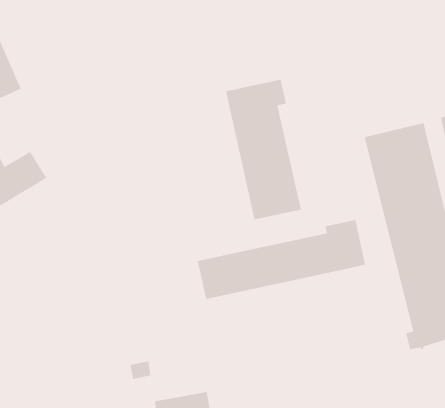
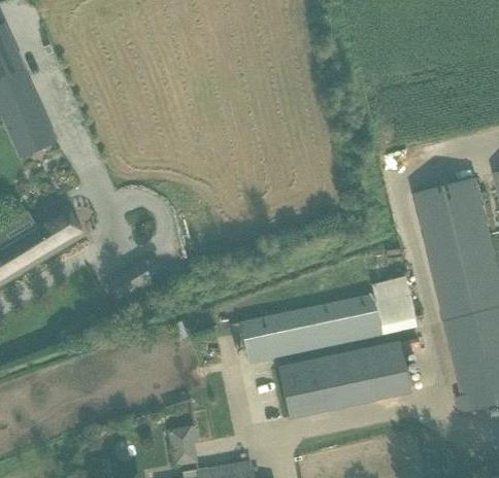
building: [225,79,301,220] -> none
building: none -> [277,340,410,417]

